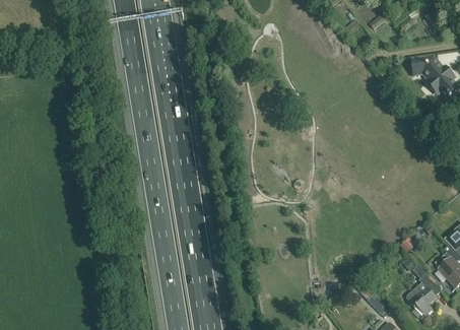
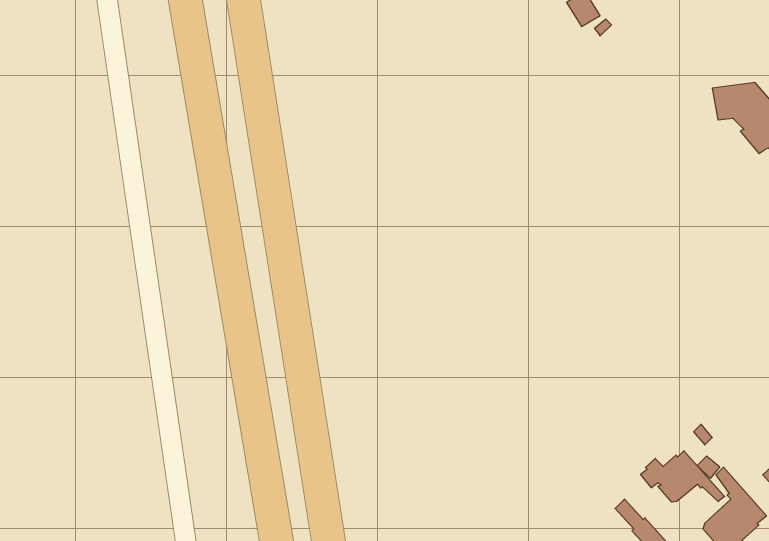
building: none -> [641,451,725,502]

